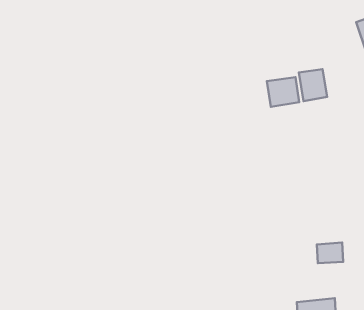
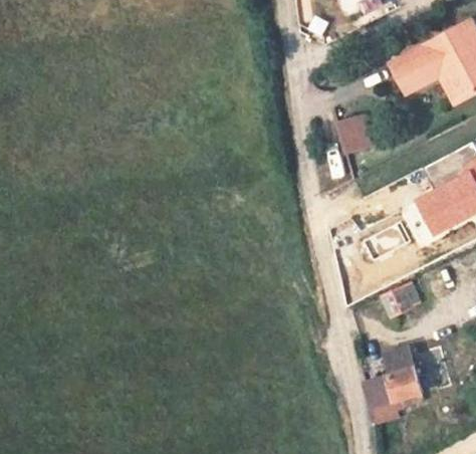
building: [267,77,299,107] -> none

